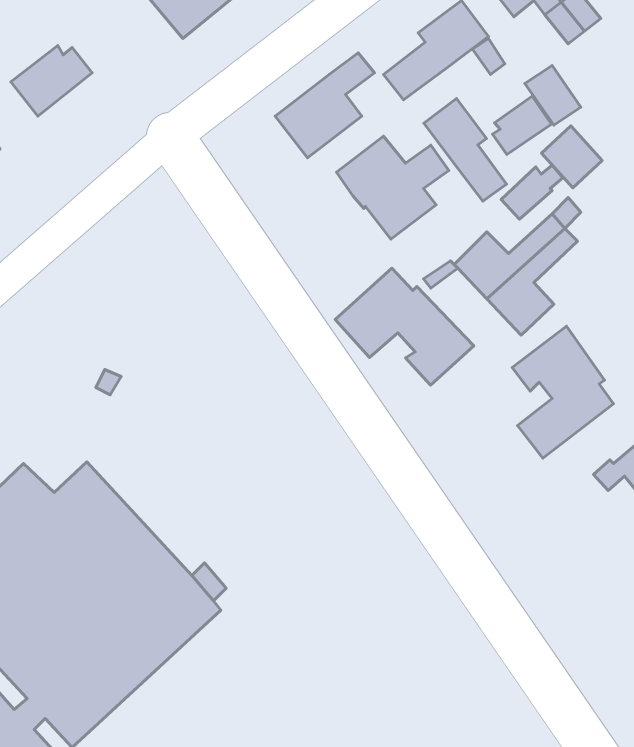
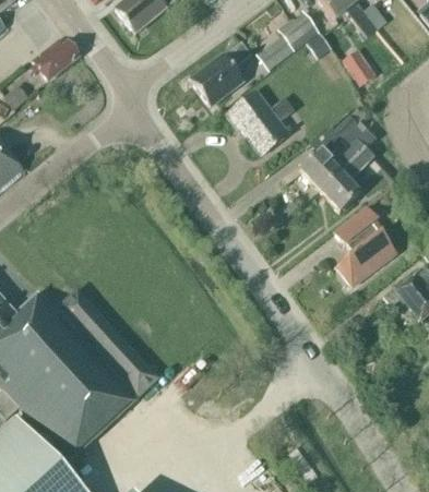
building: [493,96,551,155] -> none
building: [424,99,506,201] -> none
building: [541,126,602,188] -> none
building: [335,268,474,385] -> none

